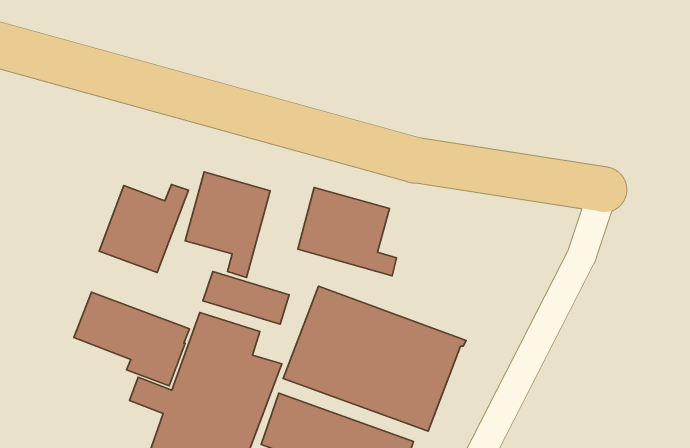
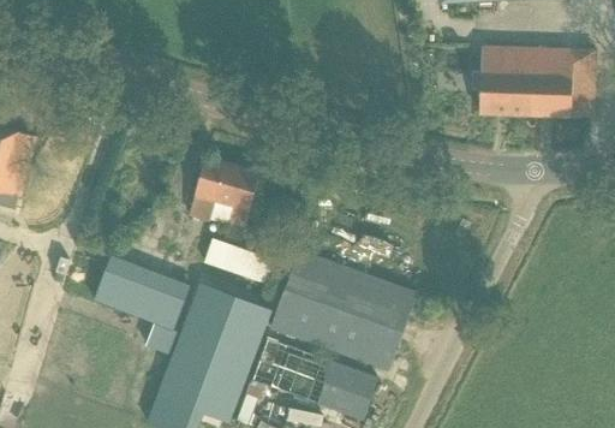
building: none -> [478,48,592,118]
building: [99,184,189,272] -> none
building: [298,188,397,276] -> none

